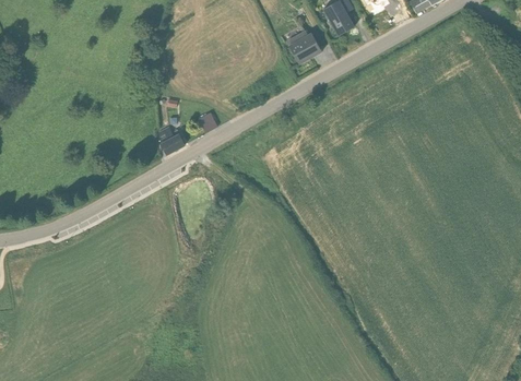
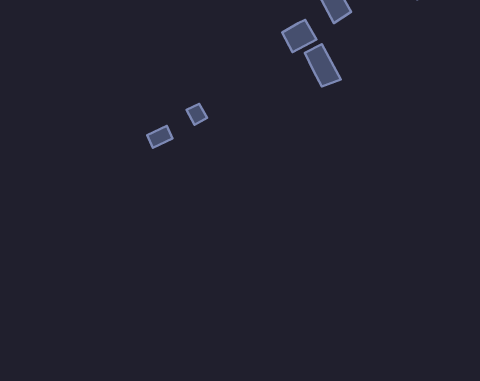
building: none -> [305,44,341,87]

